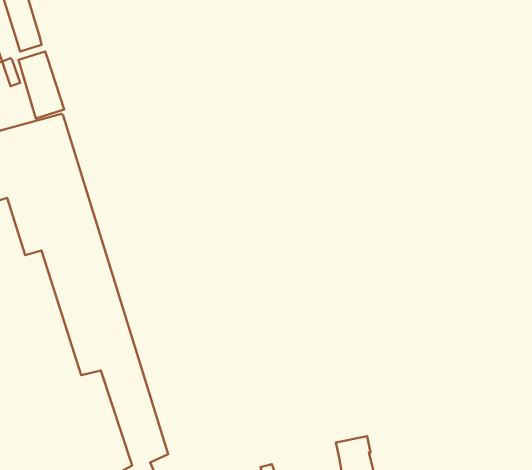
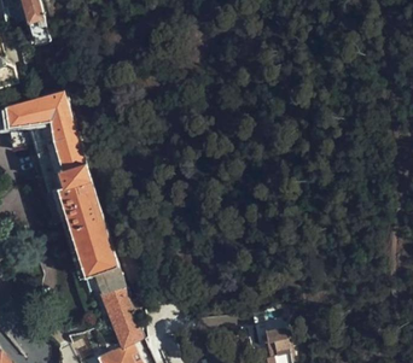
building: [19,52,64,119] -> none

